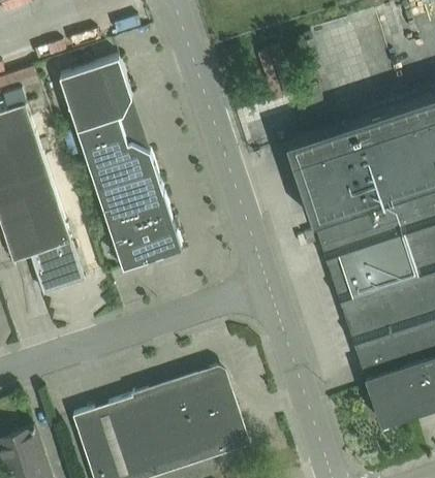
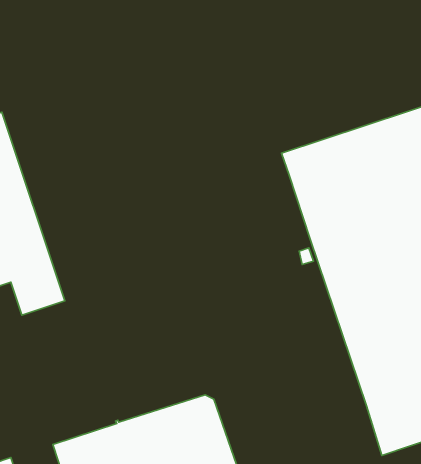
building: [60,59,183,269] -> none

